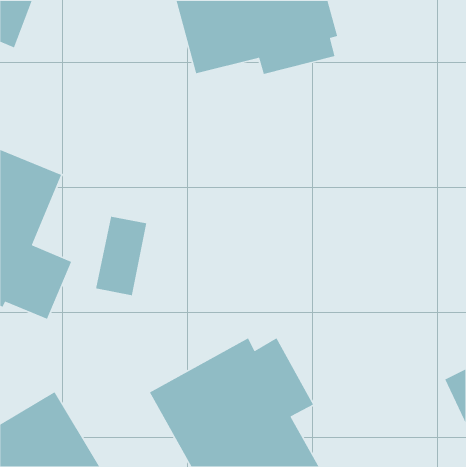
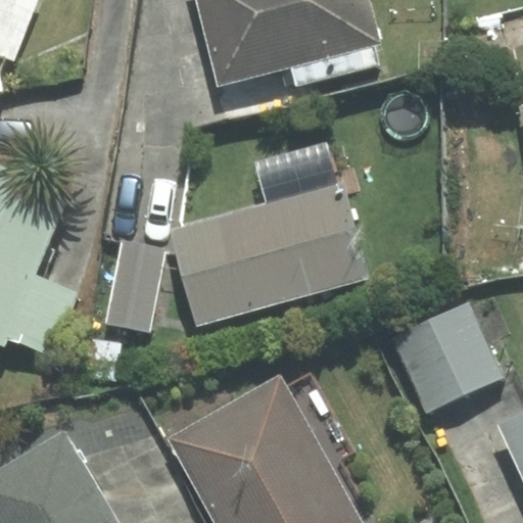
building: none -> [173,186,367,323]
building: none -> [393,301,501,409]

